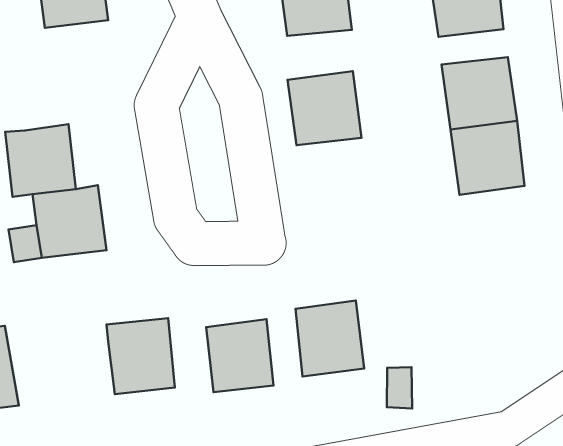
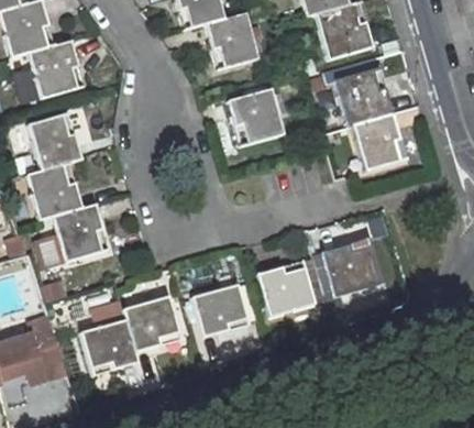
building: none -> [24,112,85,173]
building: none -> [323,233,383,295]
building: none -> [77,316,140,378]

